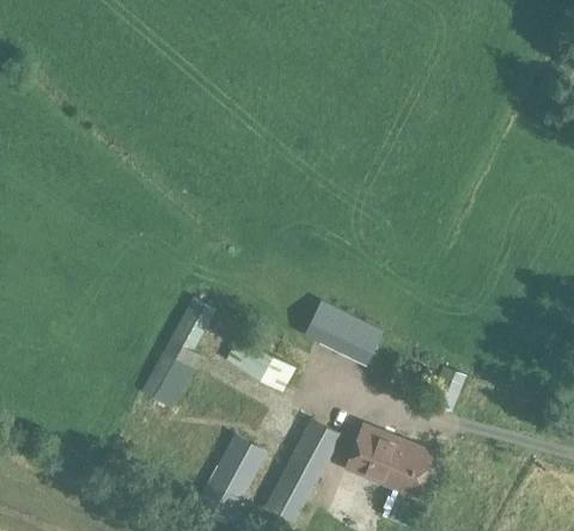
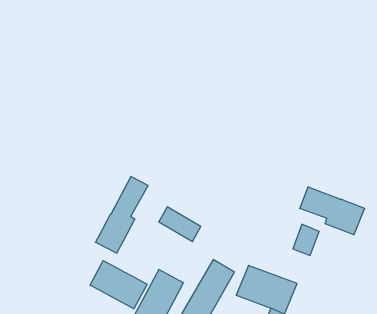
building: [304,301,384,366] -> none
building: none -> [300,187,365,235]
building: none -> [90,261,147,309]

